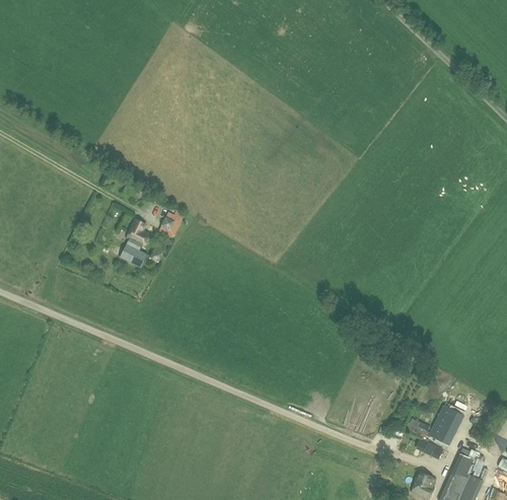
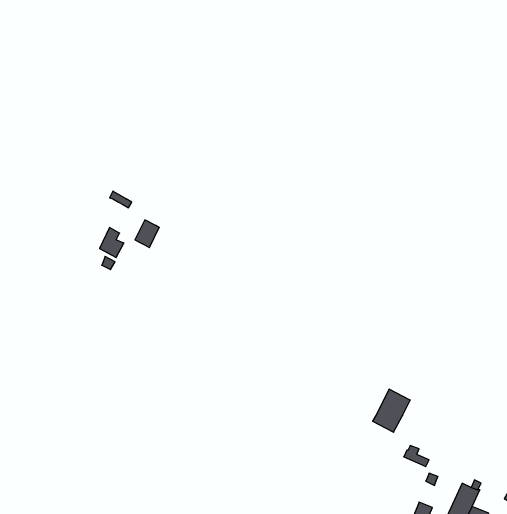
building: [430,406,464,445] -> [373,389,410,432]

